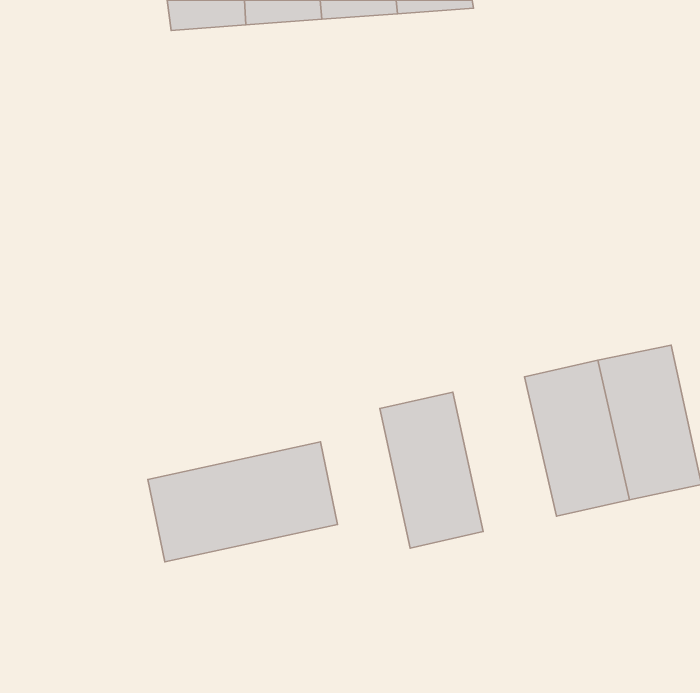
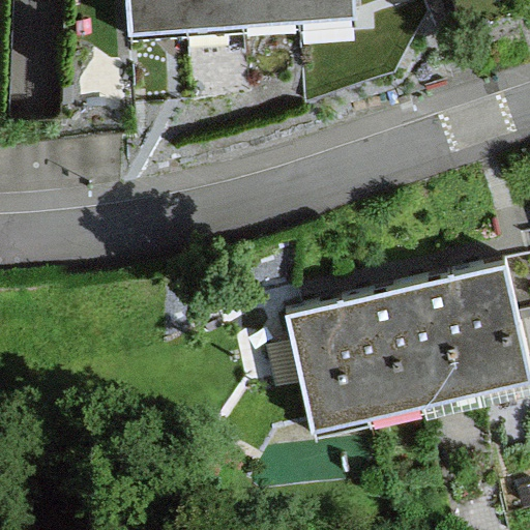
building: none -> [344,292,421,408]
building: [148,442,338,562] -> none

